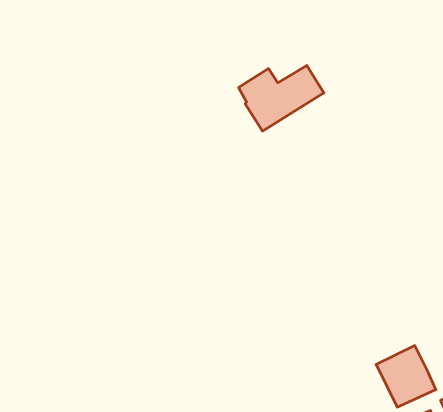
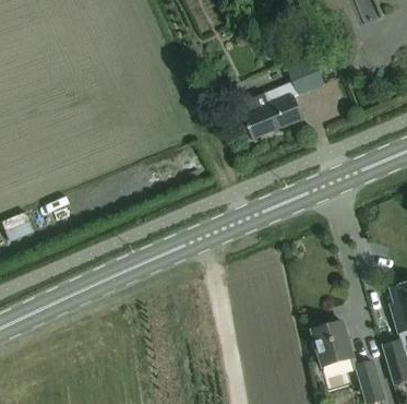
building: none -> [287,57,324,93]

